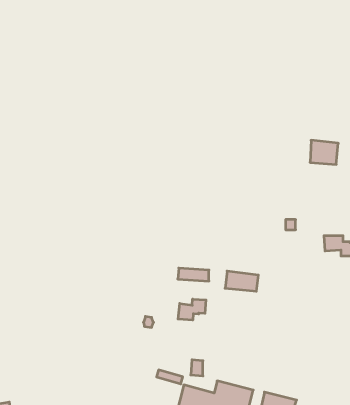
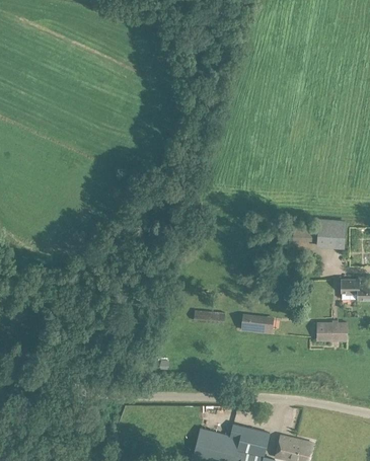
building: [310,140,338,164] -> [317,221,346,245]
building: none -> [317,321,348,341]
building: [178,299,206,320] -> none

